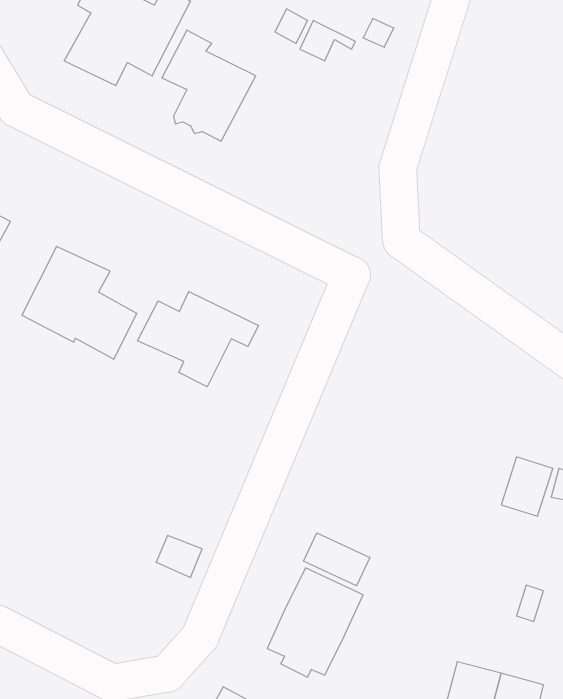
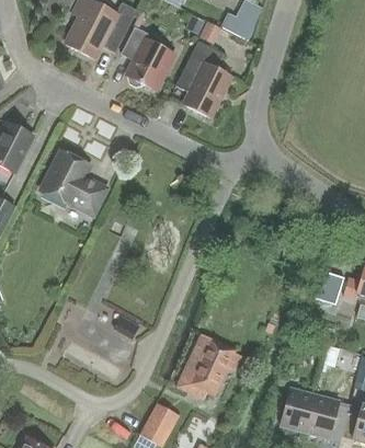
building: none -> [175,41,230,117]
building: [137,291,258,387] -> none
building: [304,533,370,586] -> none

